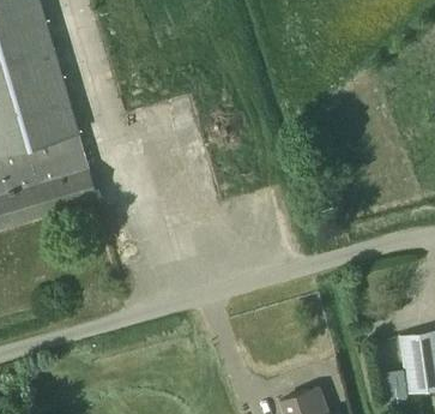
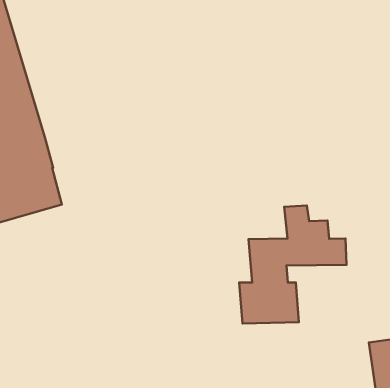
building: none -> [239,205,347,323]

